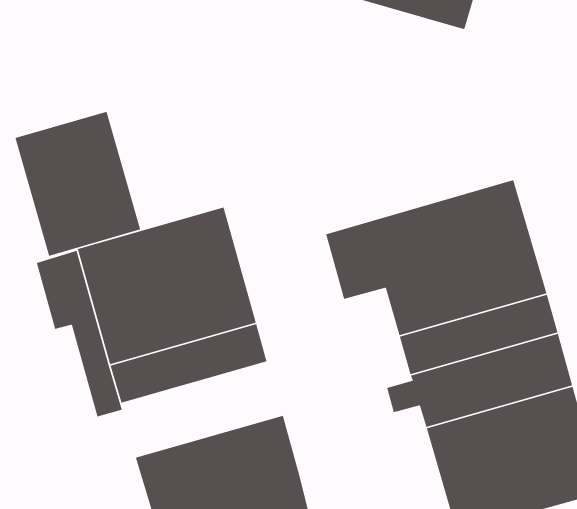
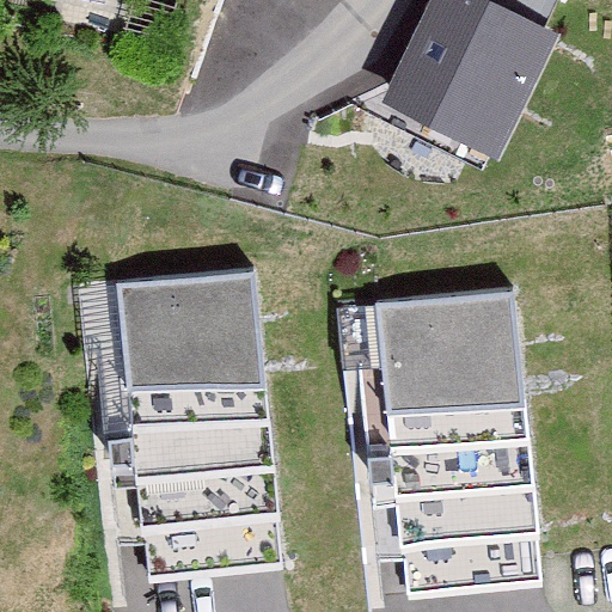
building: [15,111,141,257] -> none
building: none -> [108,414,273,477]

